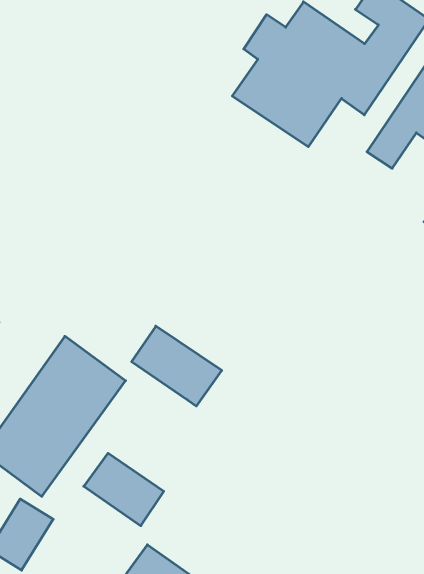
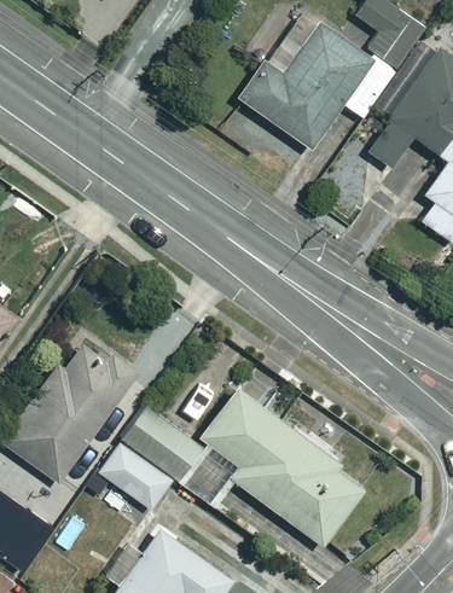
building: [132,326,222,406] -> [121,408,207,484]
building: none -> [201,389,367,546]

